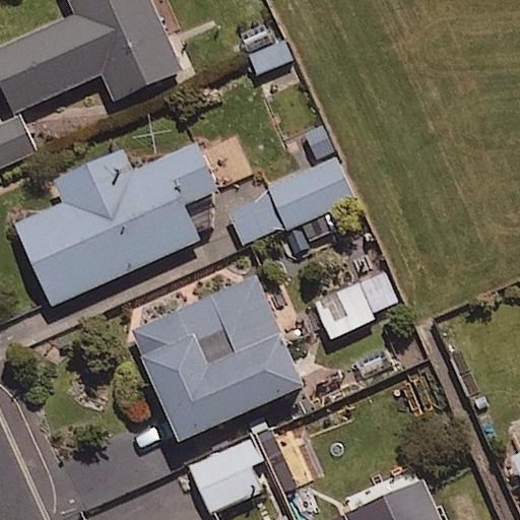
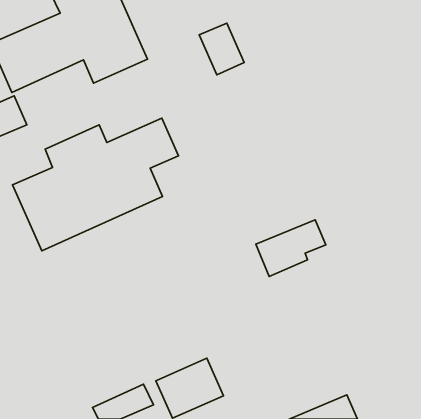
building: [228,159,352,243] -> none
building: [131,276,307,447] -> none

